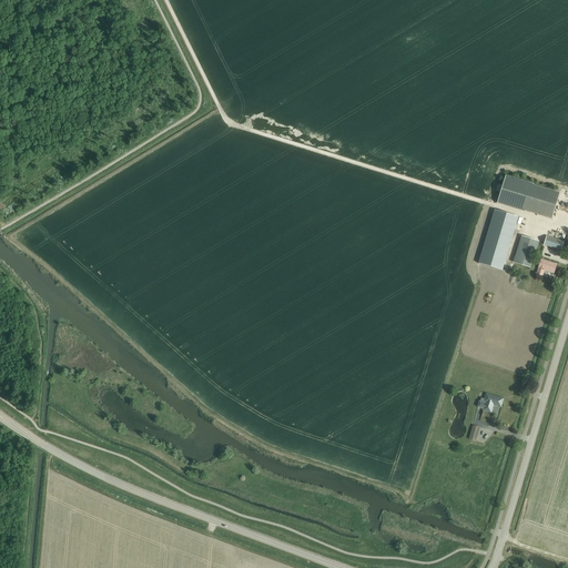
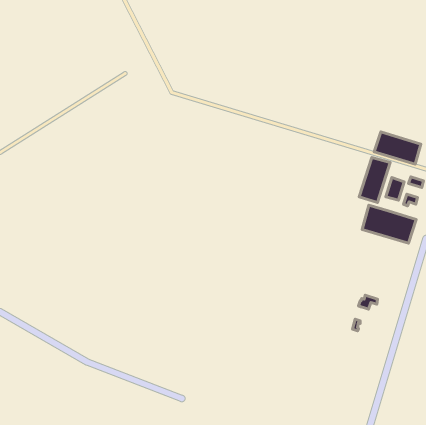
building: none -> [362,205,416,243]

